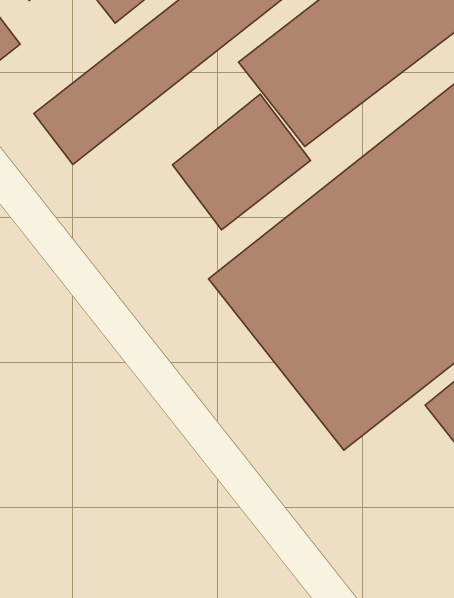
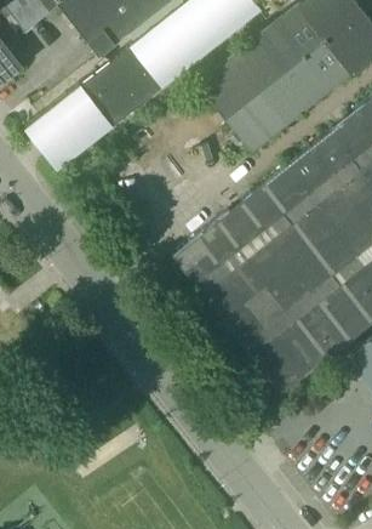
building: [172,94,310,230] -> none

